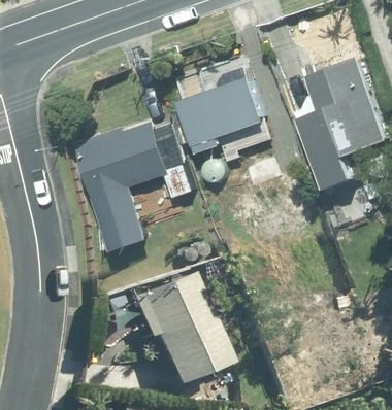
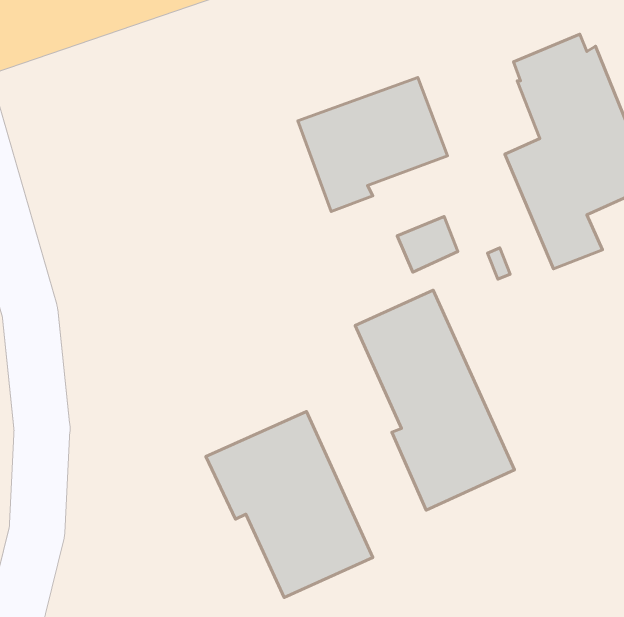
building: [71,119,193,251] -> none
building: none -> [355,290,514,510]

